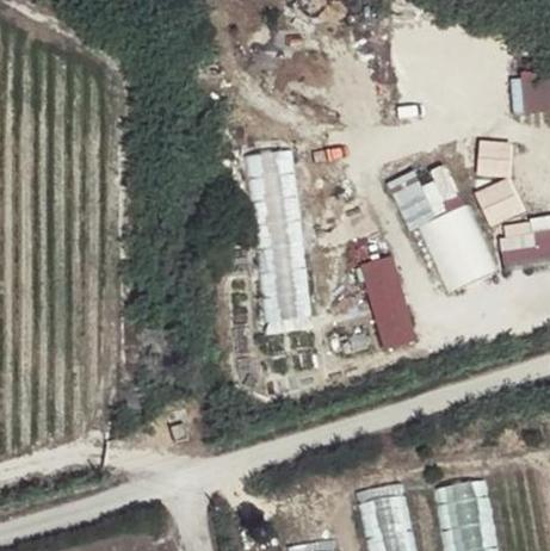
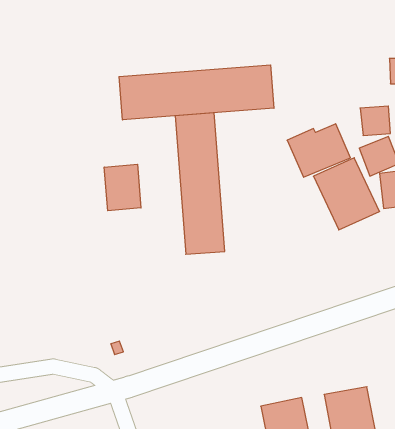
building: none -> [119,65,274,120]
building: none -> [104,164,141,211]
building: [358,254,418,351] -> none

